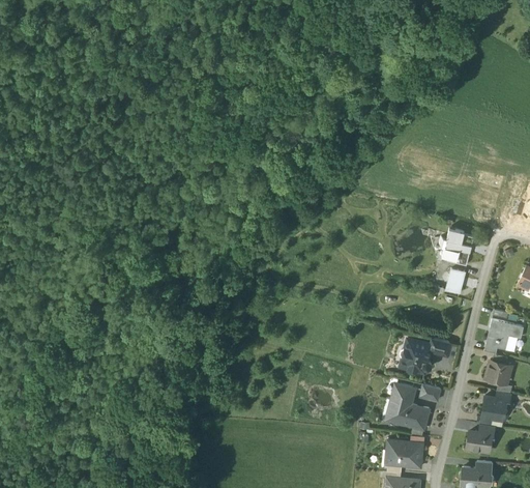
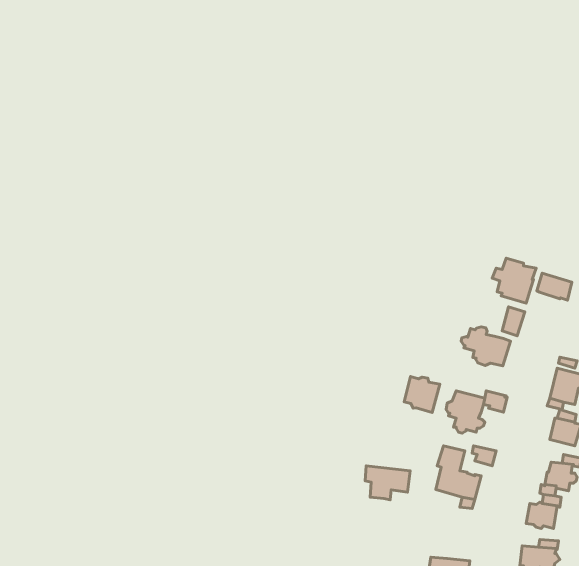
building: none -> [537,273,572,300]
building: none -> [461,327,511,366]
building: none -> [404,376,440,413]
building: [386,438,423,466] -> [365,466,410,500]

